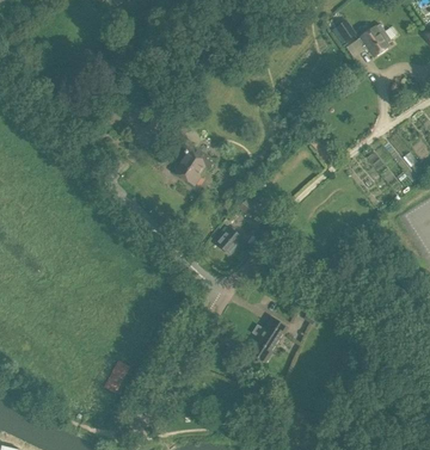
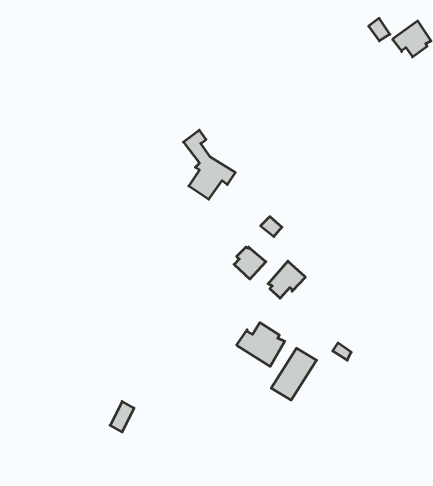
building: none -> [268,261,305,298]
building: none -> [237,323,285,366]

